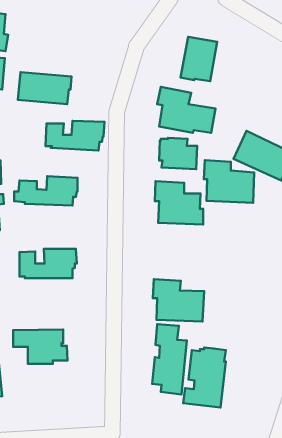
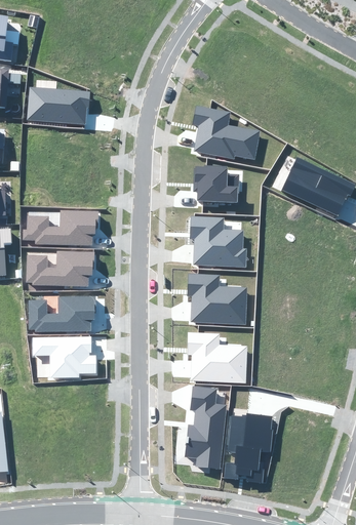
building: [181,37,217,81] -> none
building: [46,121,105,150] -> [26,252,95,287]
building: [204,160,254,203] -> [188,274,247,324]
building: [13,329,68,364] -> [32,336,96,377]

